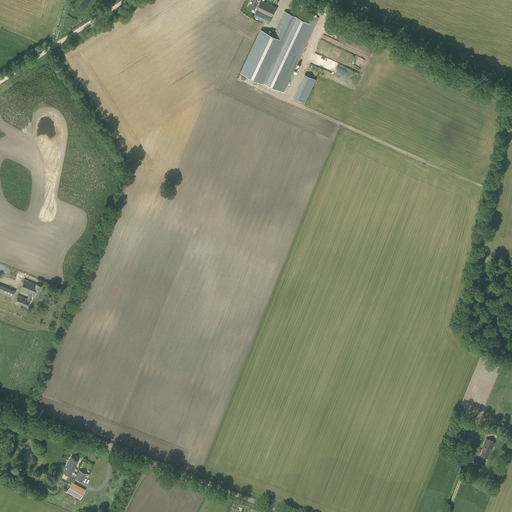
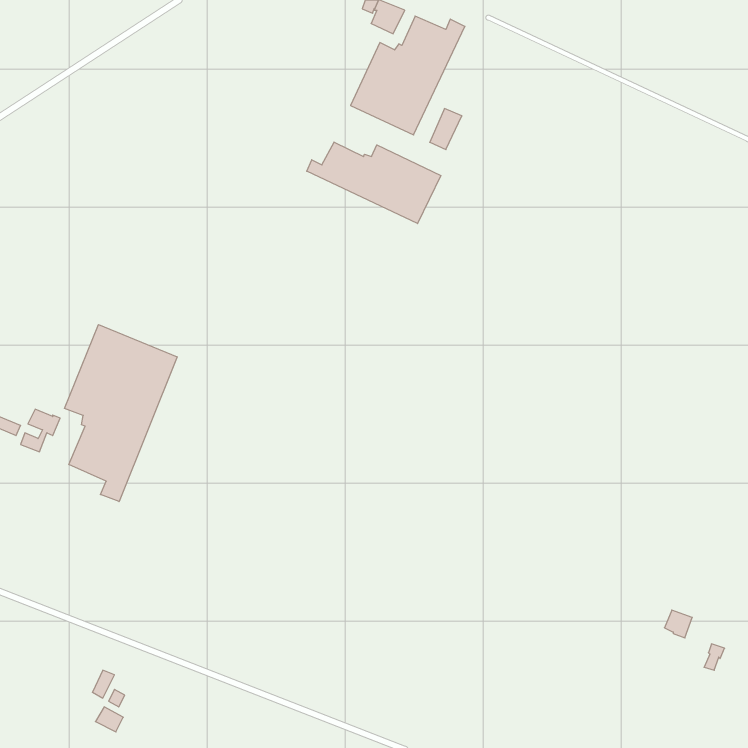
building: none -> [307,142,441,224]
building: none -> [64,325,177,502]

